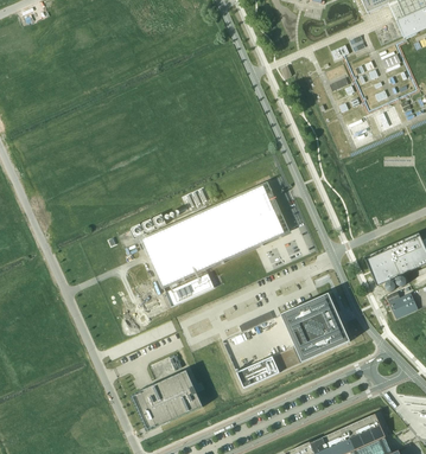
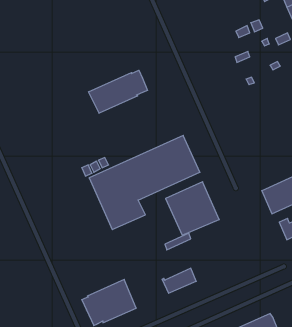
building: none -> [89,70,147,113]
building: [281,293,350,362] -> [166,182,219,235]

